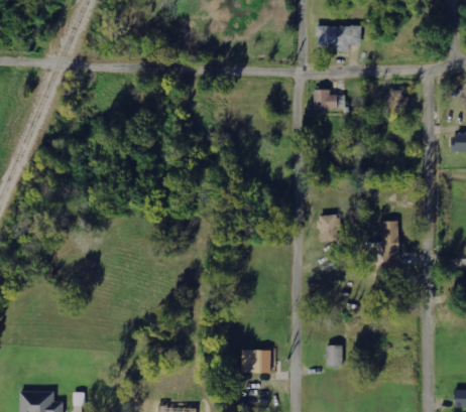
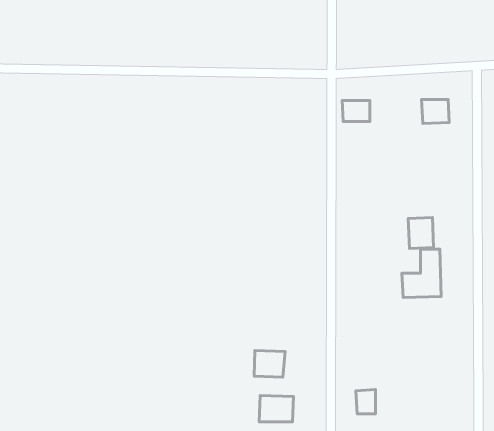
building: [317,24,362,48] -> none
building: [319,215,341,242] -> [408,218,434,249]
building: none -> [254,350,285,377]

